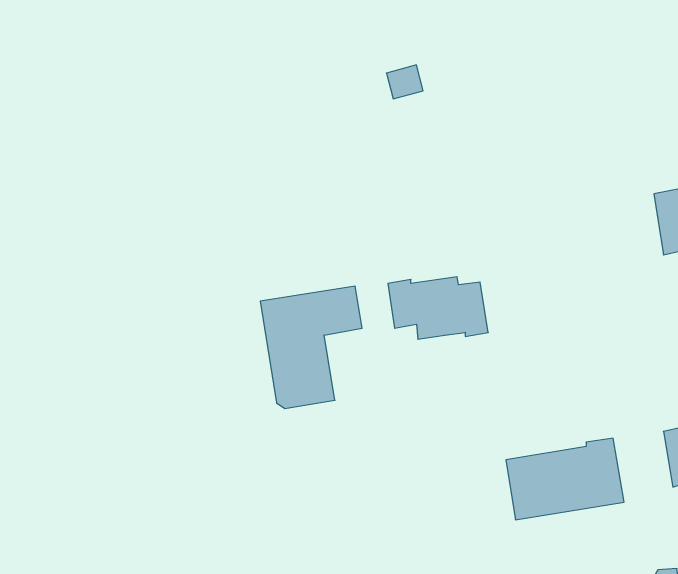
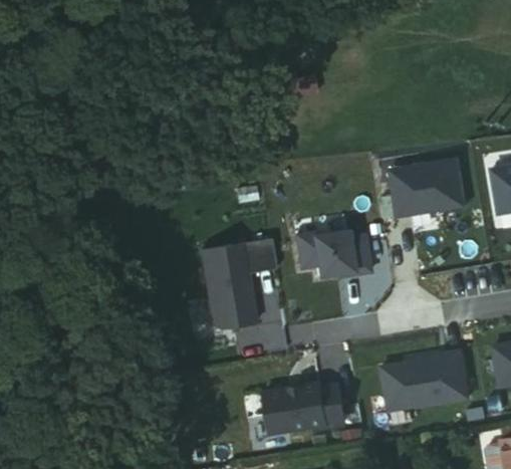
building: none -> [388,161,465,218]
building: none -> [263,384,345,434]

